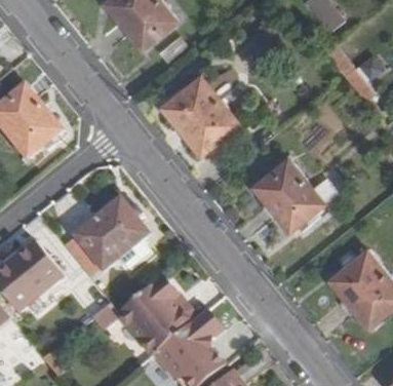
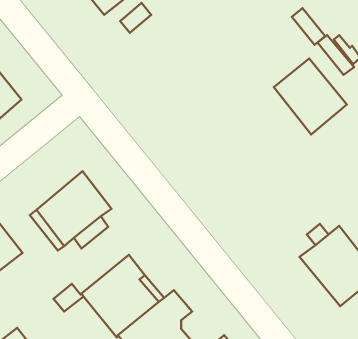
building: [160,75,237,155] -> none
building: [252,158,322,231] -> [274,58,347,134]

